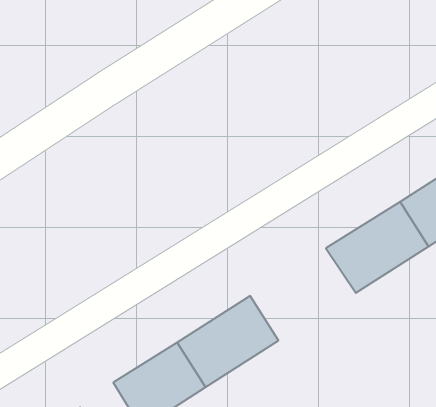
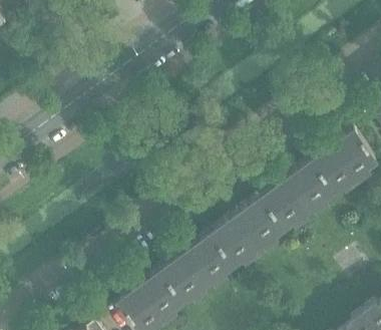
building: none -> [211,198,285,265]

